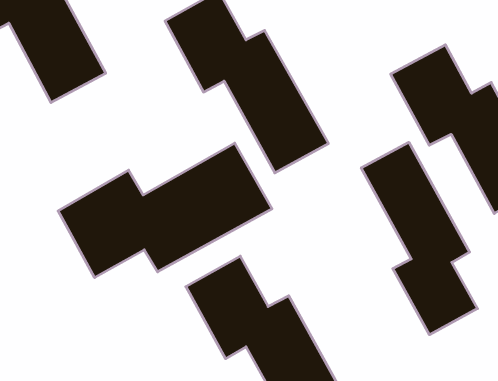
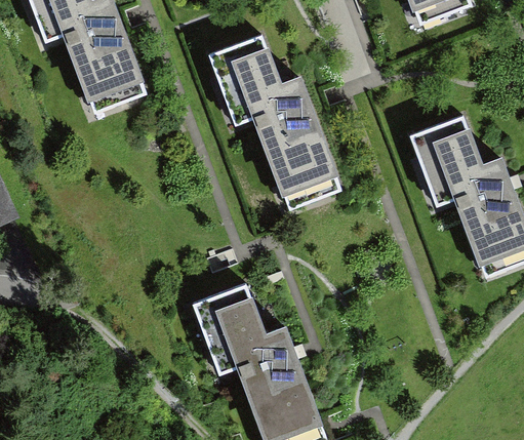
building: [361,142,478,335] -> none
building: [58,143,272,278] -> none

